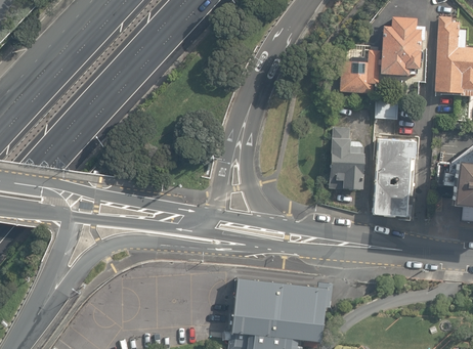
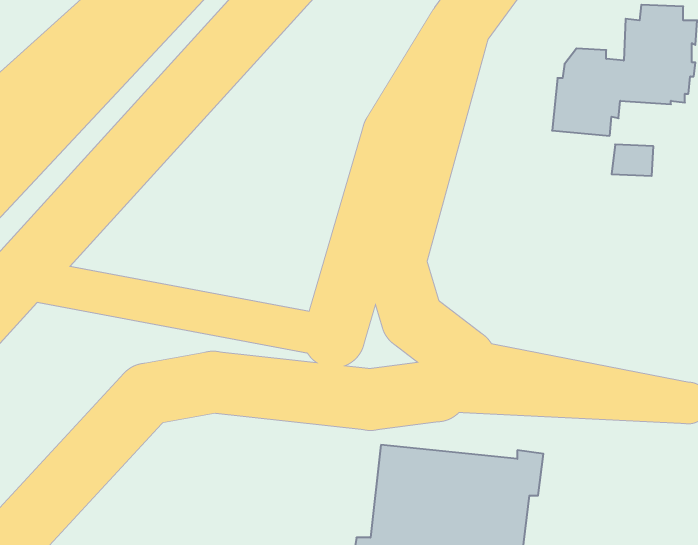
building: [329,125,364,188] -> none
building: [373,138,416,216] -> none

